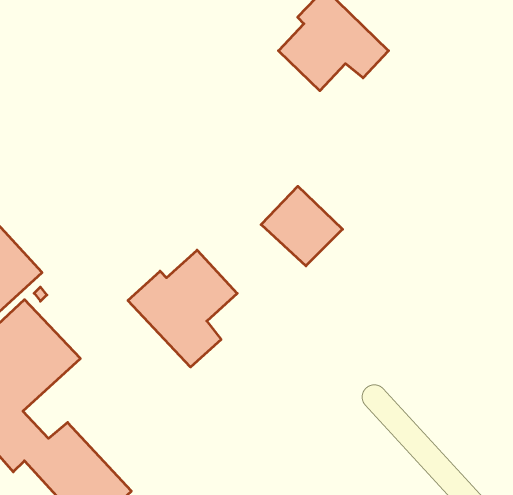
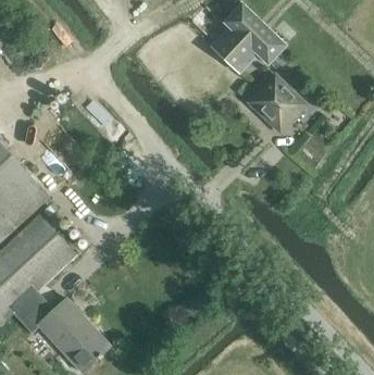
building: [261,186,343,266] -> [249,75,304,129]
building: [128,250,237,367] -> none

